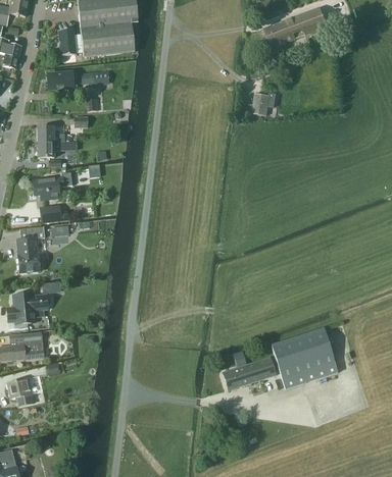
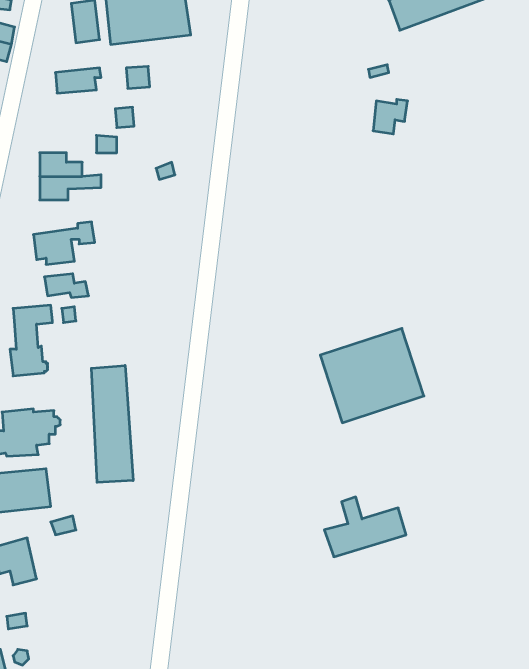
building: none -> [91,365,133,482]
building: [271,327,338,388] -> [320,328,424,423]

